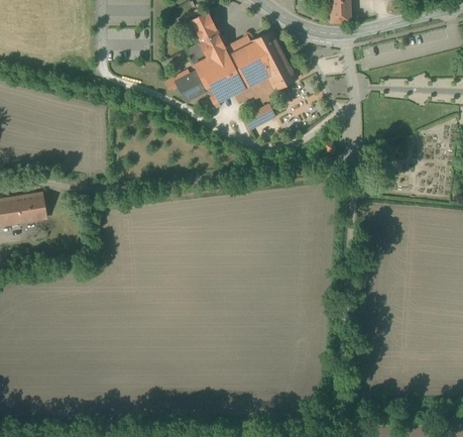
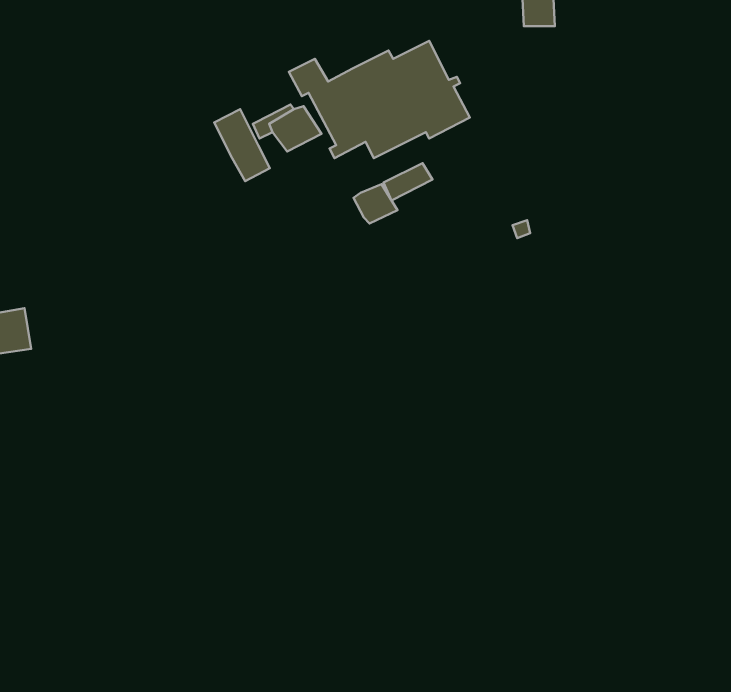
building: [192,12,226,57] -> [214,109,270,181]
building: none -> [354,184,397,224]
building: [23,194,47,222] -> none

